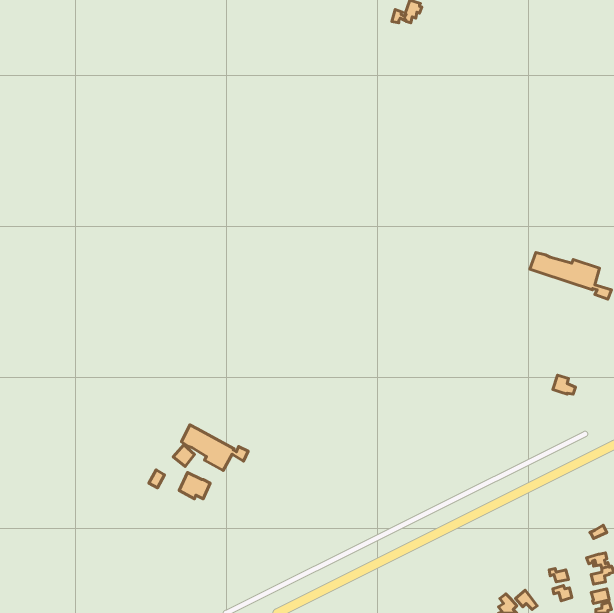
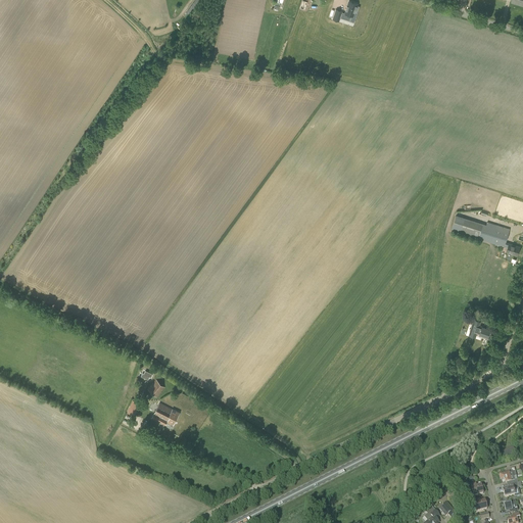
building: [181,425,248,471] -> none

